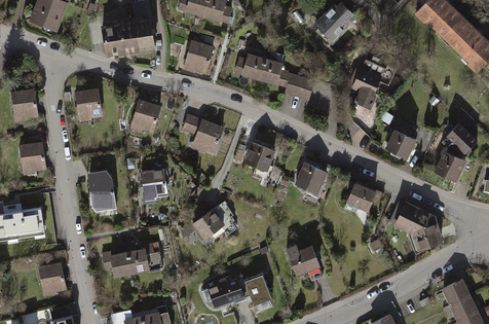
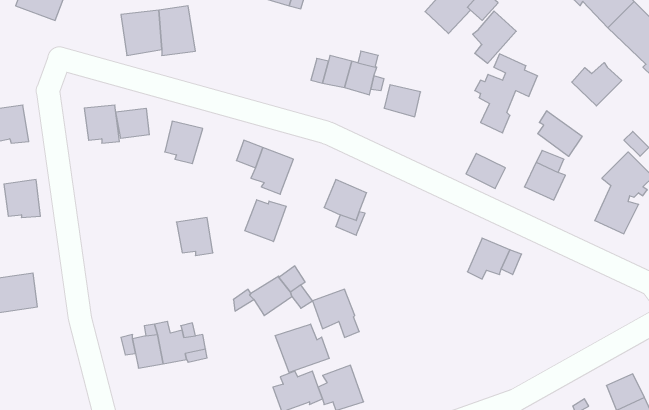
building: none -> [473,11,516,63]
building: [186,41,213,72] -> none
building: none -> [572,63,622,106]
building: none -> [116,108,149,138]
building: none -> [538,111,582,156]
building: none -> [245,200,286,242]
building: [295,164,326,194] -> none
building: [88,177,114,205] -> none
building: [390,203,440,251] -> none
building: none -> [275,324,329,373]
building: [289,247,322,281] -> [312,289,359,337]
building: [39,264,66,291] -> none

